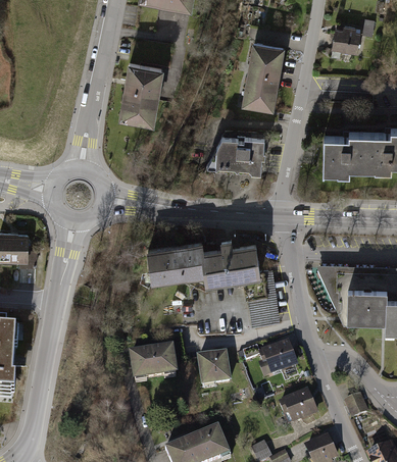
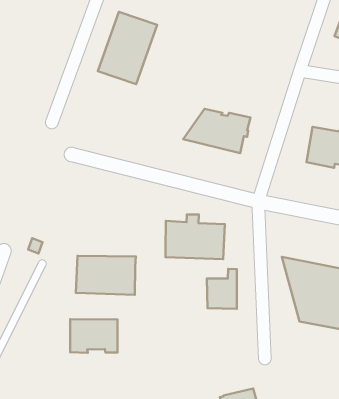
building: [240,43,285,112] -> none
building: [147,241,206,284] -> [76,256,136,295]
building: [259,343,300,381] -> none
building: [198,356,233,390] -> none

